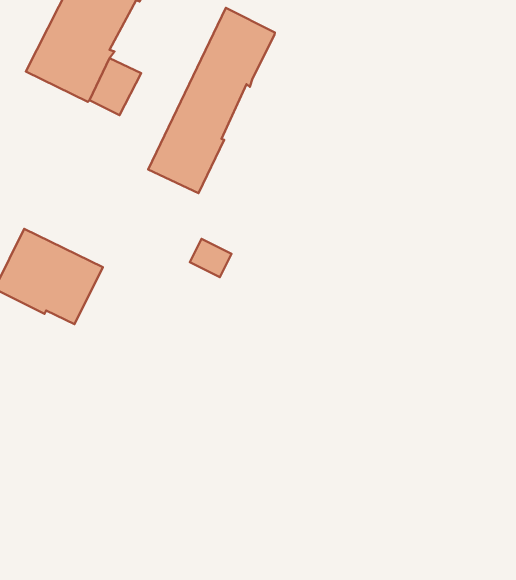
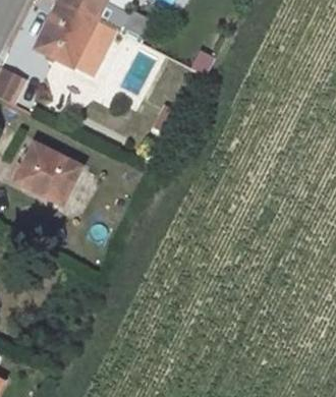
building: [148,8,275,193] -> none

